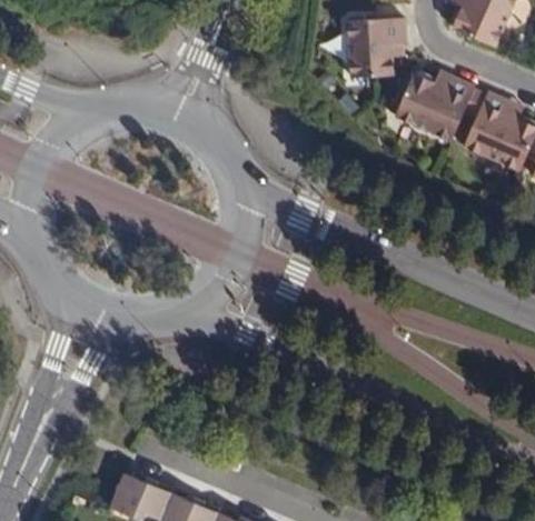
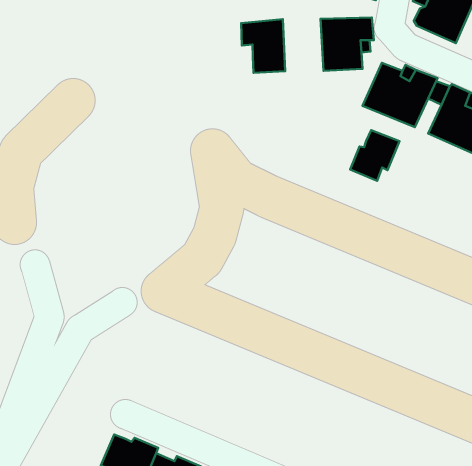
building: none -> [241,19,285,73]
building: none -> [350,130,399,181]

